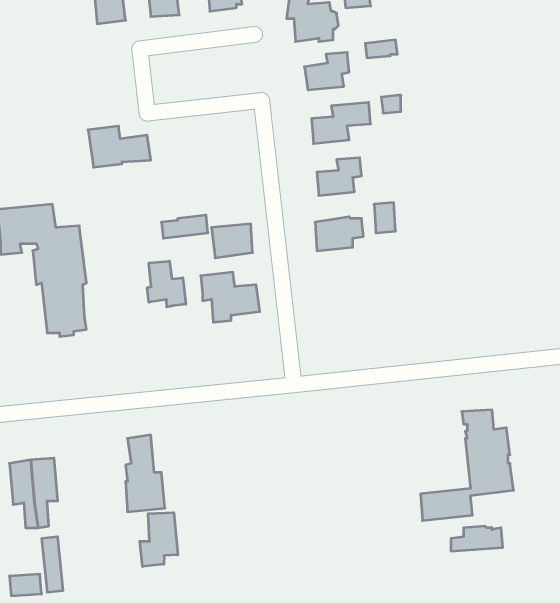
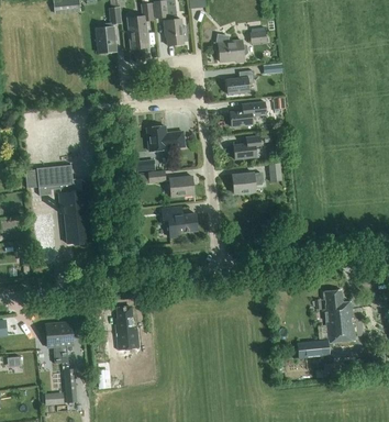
building: [88,126,151,167] -> [146,125,185,151]
building: [147,261,186,307] -> none
building: [140,513,178,567] -> none

